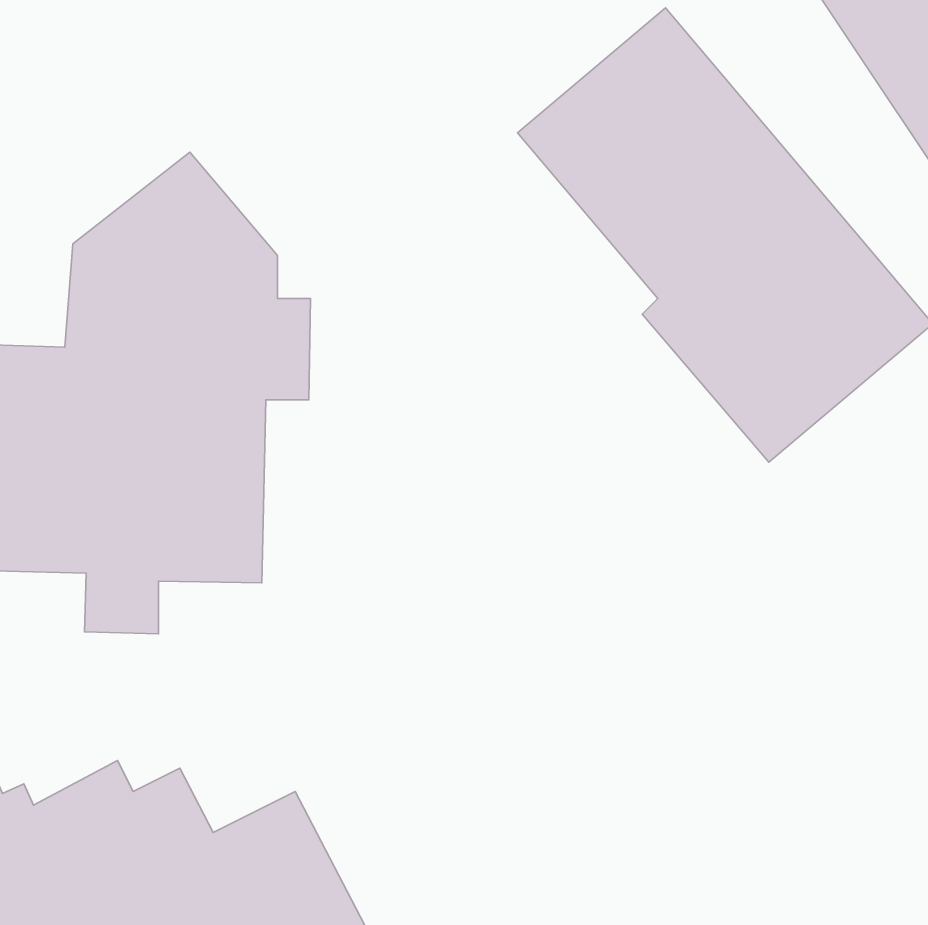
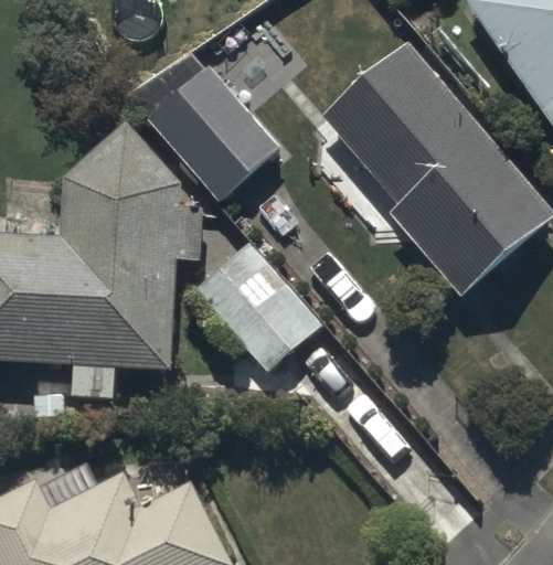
building: none -> [127,40,283,200]
building: none -> [198,243,320,371]

